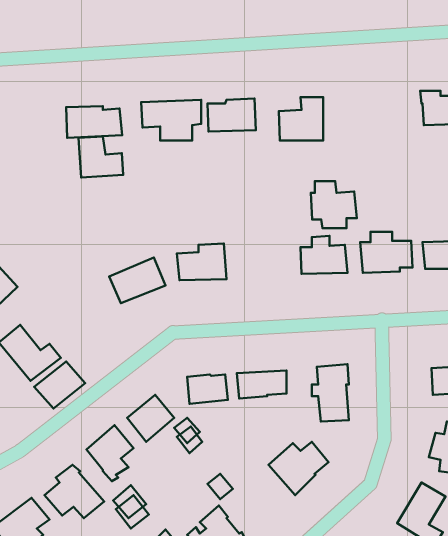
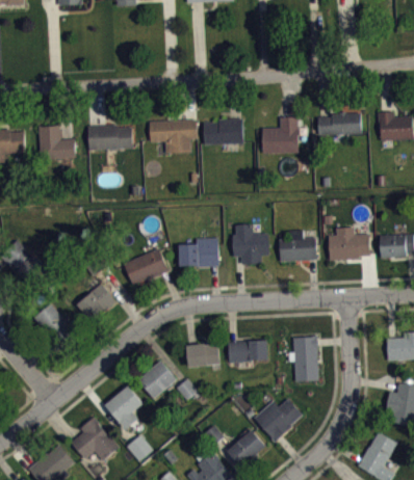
building: none -> [316,111,360,134]
building: [79,137,123,177] -> [38,125,75,158]
building: [311,181,357,228] -> [232,224,269,263]
building: [34,362,85,409] -> [75,283,117,321]
building: none -> [227,427,266,465]

